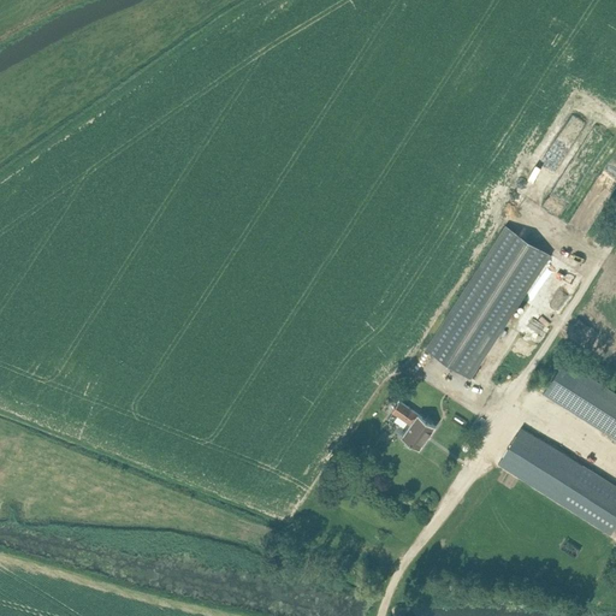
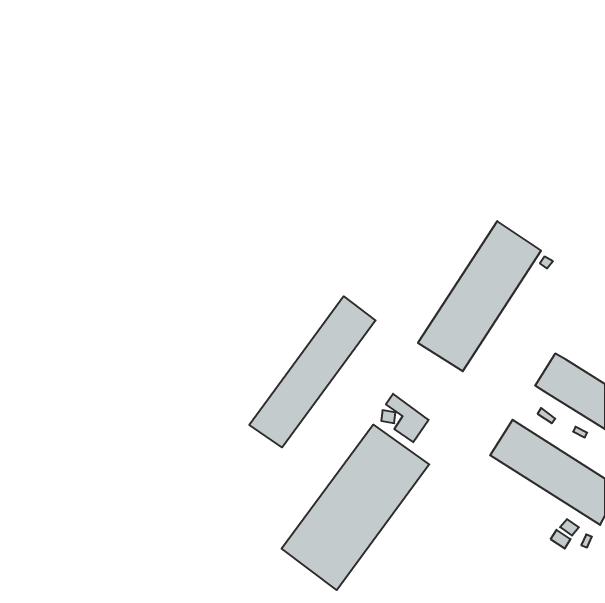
building: none -> [249,296,376,447]
building: none -> [282,425,429,590]

